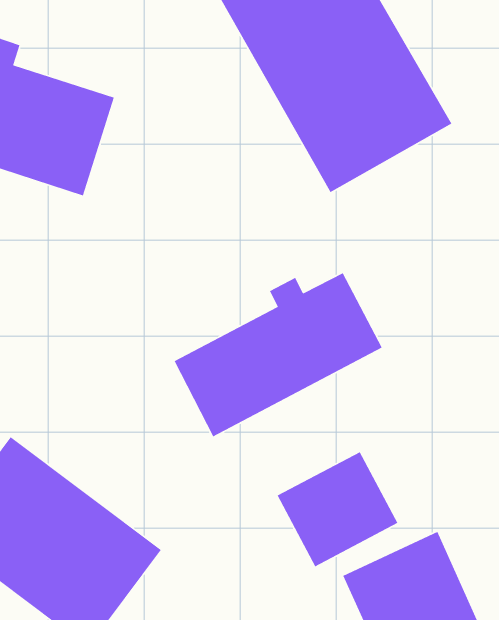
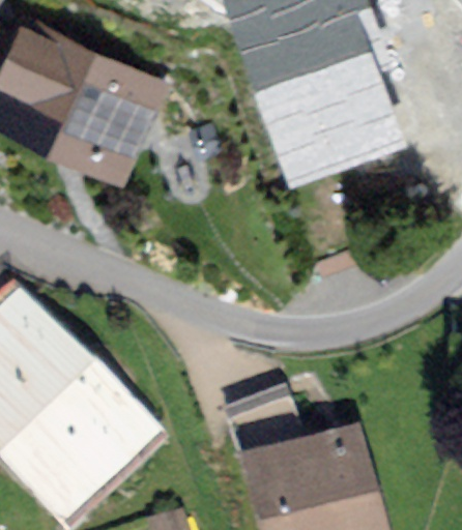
building: [174,272,383,438] -> none

